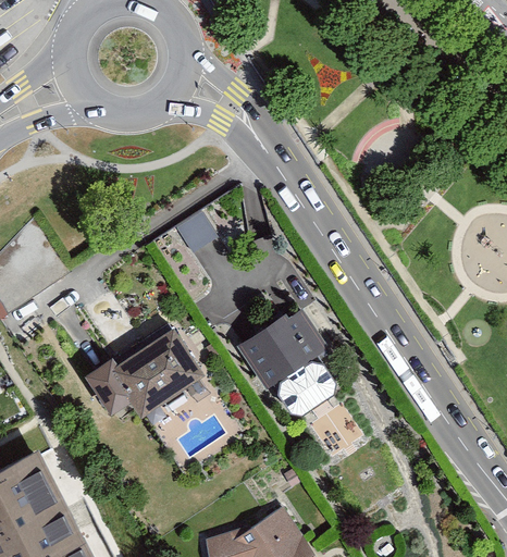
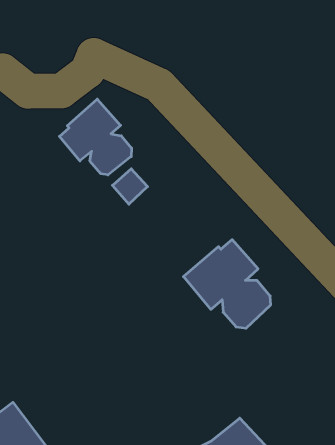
building: none -> [59,99,132,175]
building: [79,331,198,416] -> none

